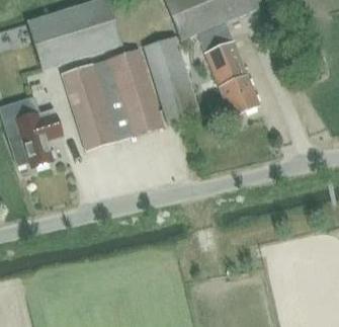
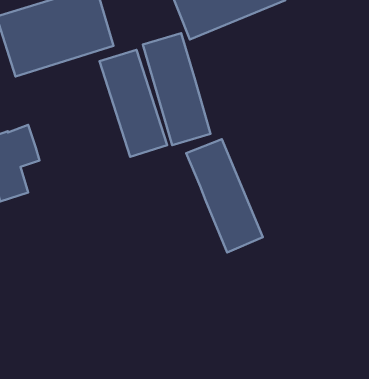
building: [198,26,259,116] -> [186,139,263,253]
building: [62,63,116,149] -> none

